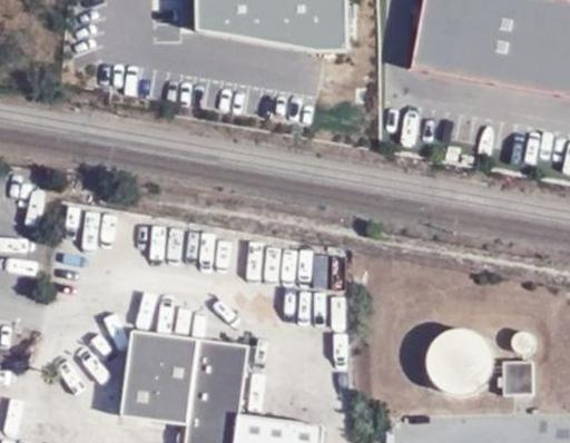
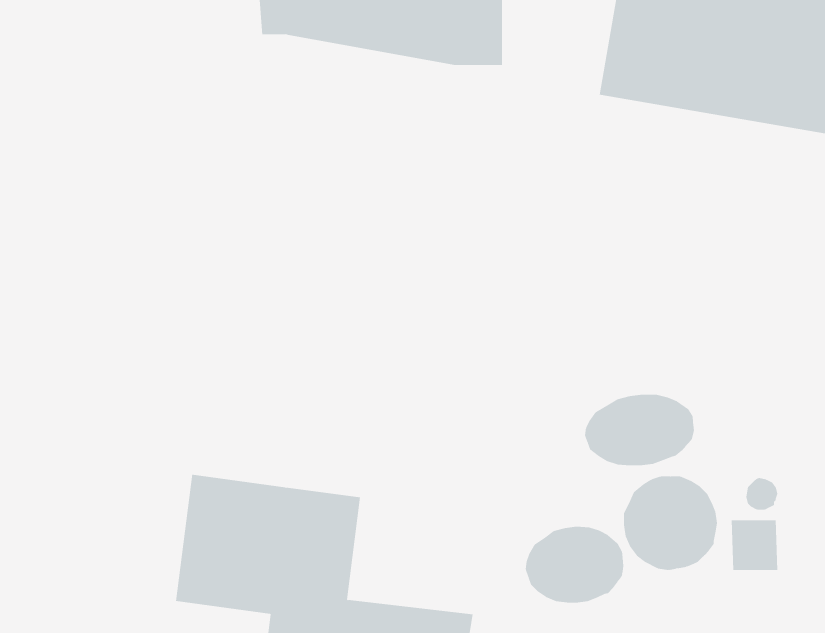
building: none -> [585,394,694,466]
building: none -> [525,526,624,604]

